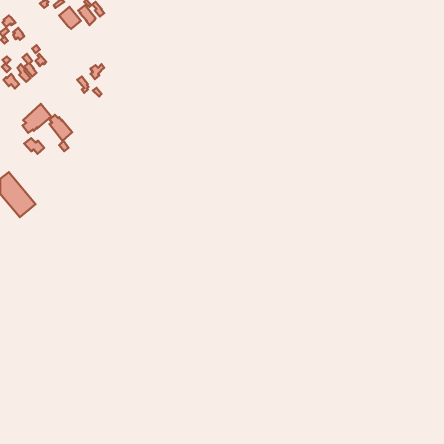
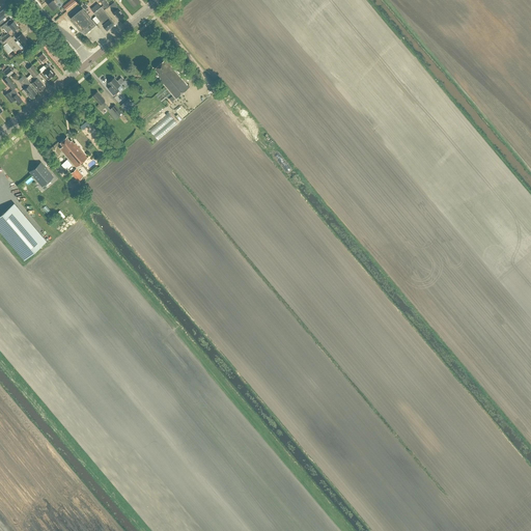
building: none -> [155,59,189,99]
building: [23,104,51,133] -> none

